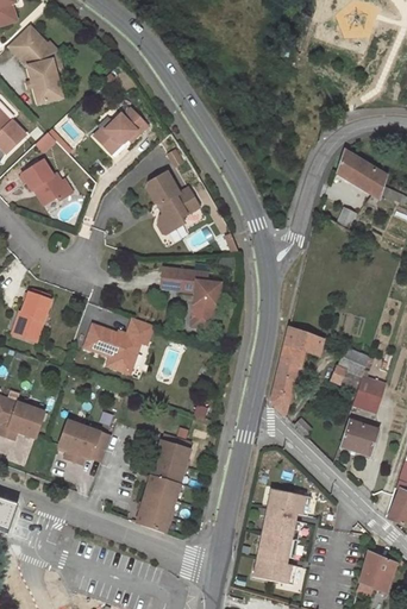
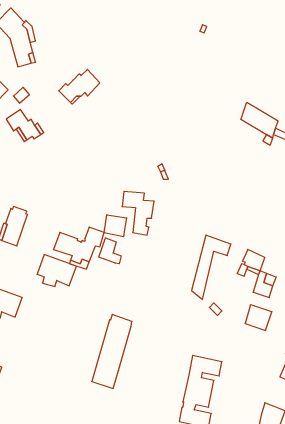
building: [146,171,199,234] -> none
building: none -> [104,215,127,237]
building: none -> [99,238,121,264]
building: [58,420,111,463] -> [37,255,76,287]

